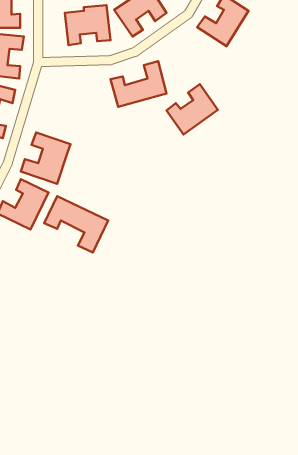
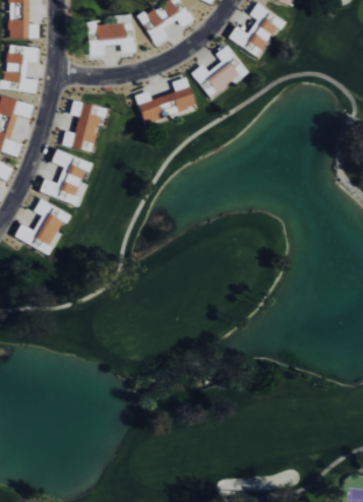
building: [166,84,218,134] -> [192,45,247,99]
building: none -> [63,101,104,149]
building: [44,196,108,253] -> none

